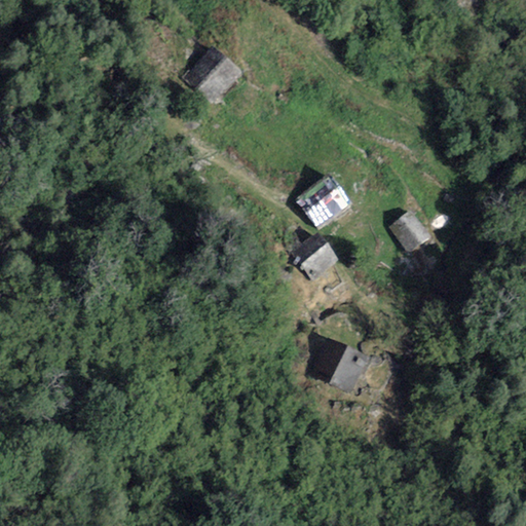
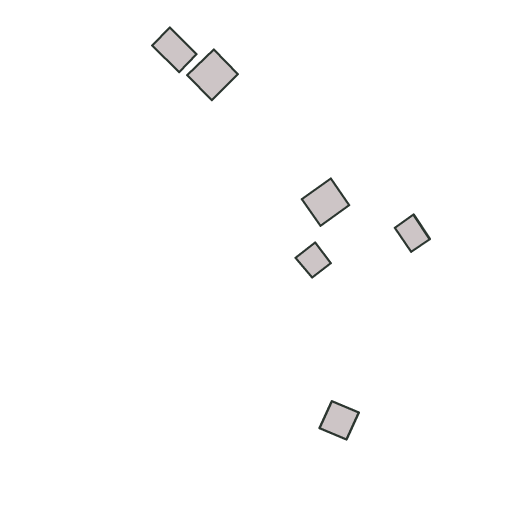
building: none -> [152,27,197,72]
building: [322,347,361,385] -> [320,401,359,439]

